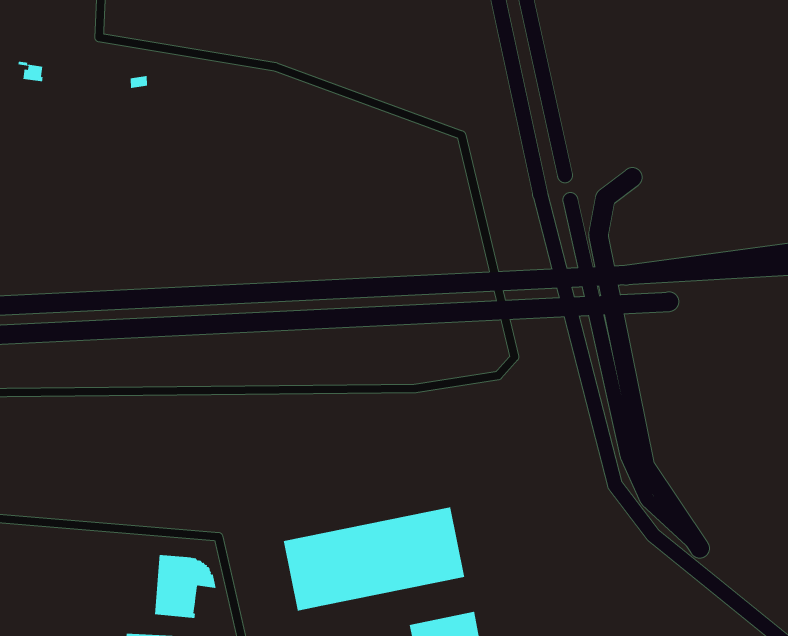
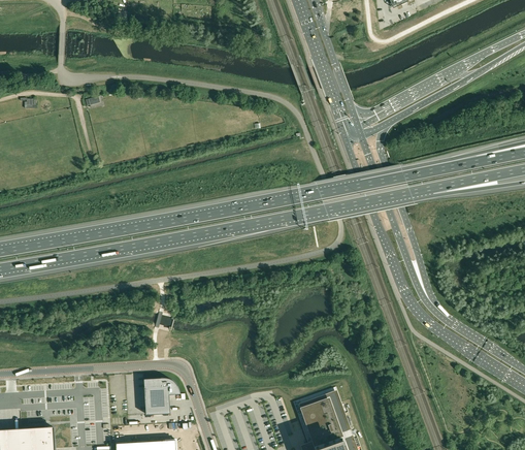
building: [283,506,465,612] -> none

